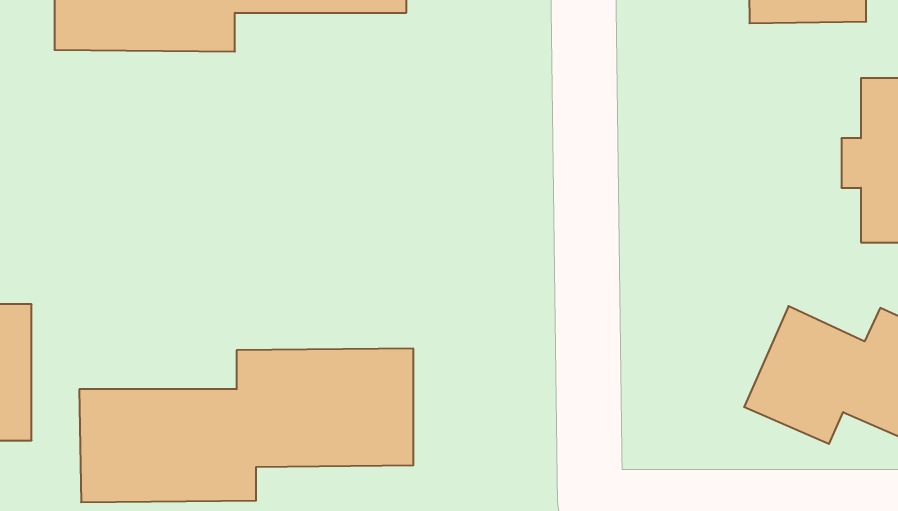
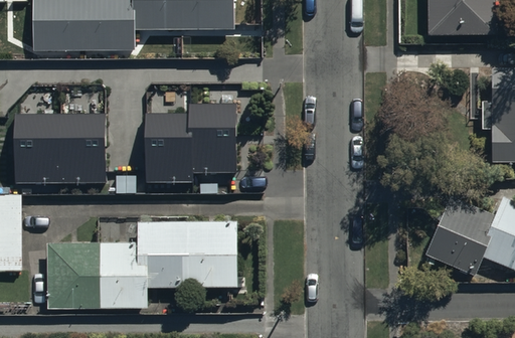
building: none -> [145,107,237,187]
building: none -> [15,119,107,187]

